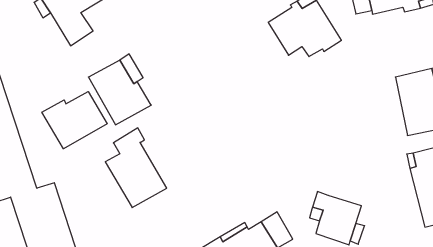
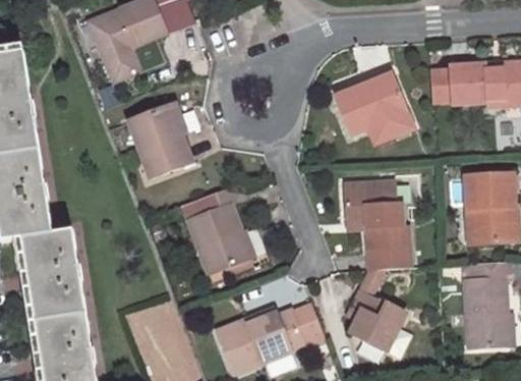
building: none -> [344,181,410,269]
building: [42,92,107,149] -> none
building: [105,128,167,208] -> [186,187,249,274]

